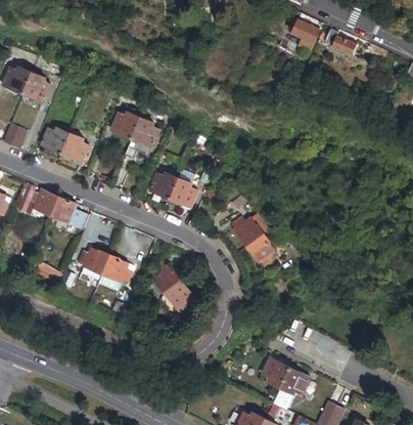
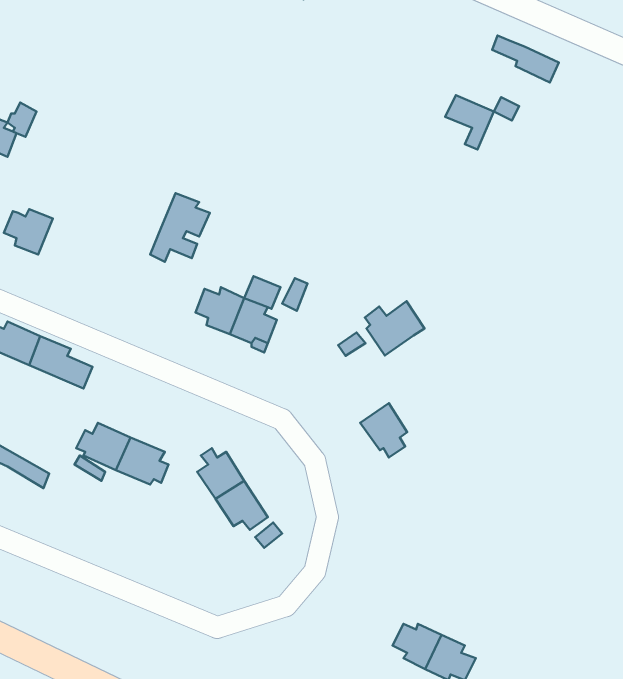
building: [290,20,318,51] -> [445,95,494,150]
building: [111,112,139,137] -> none
building: [61,132,88,158] -> none
building: [232,217,266,248] -> [365,301,424,356]

